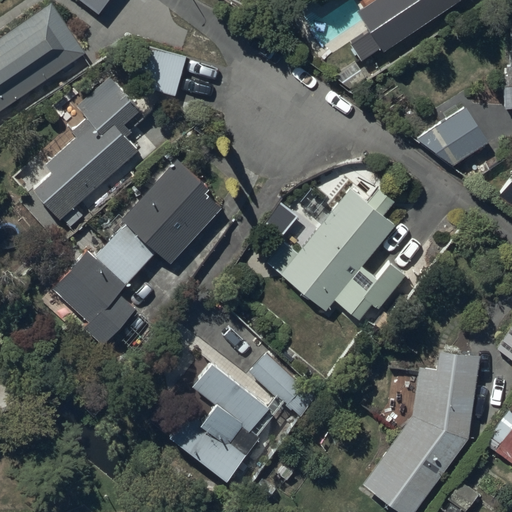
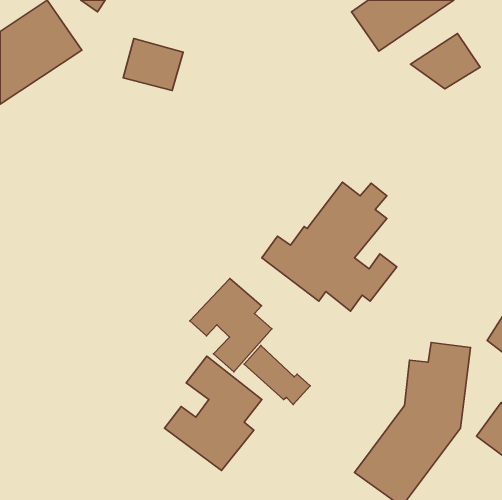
building: [31,91,139,222] -> none
building: [419,104,490,160] -> [410,34,480,89]
building: [51,156,225,344] -> none
building: none -> [190,278,272,372]

